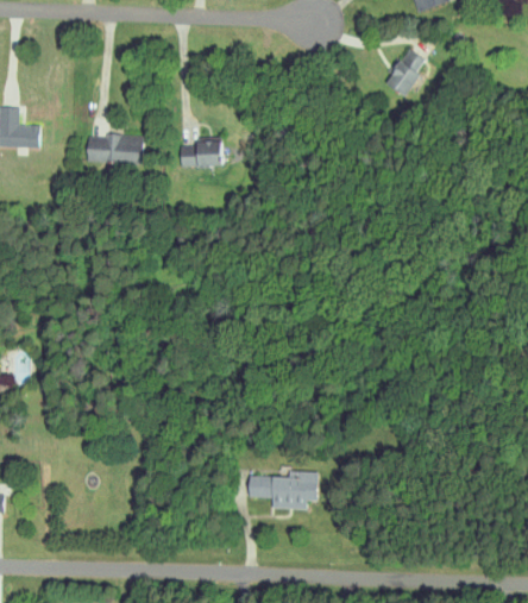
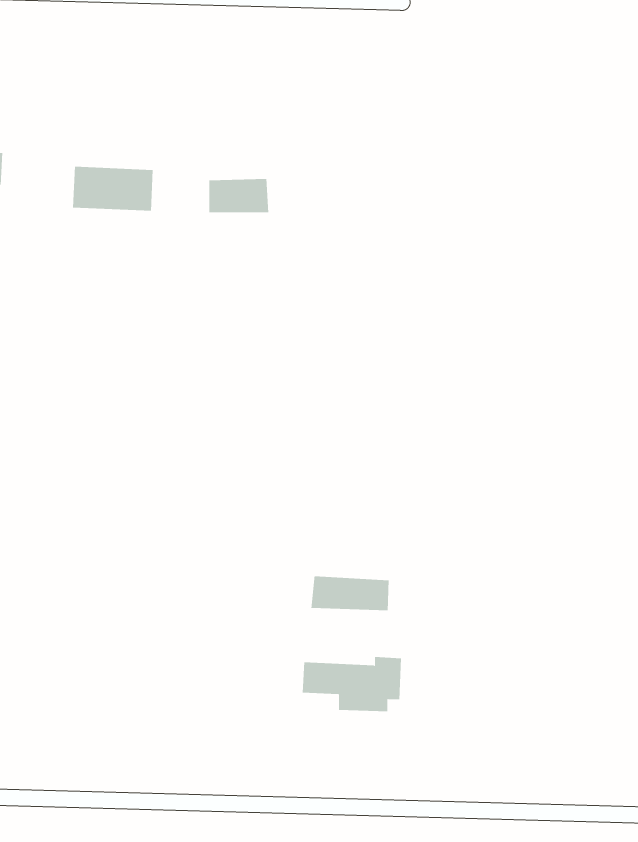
building: [383,46,428,95] -> none
building: none -> [311,575,389,611]

